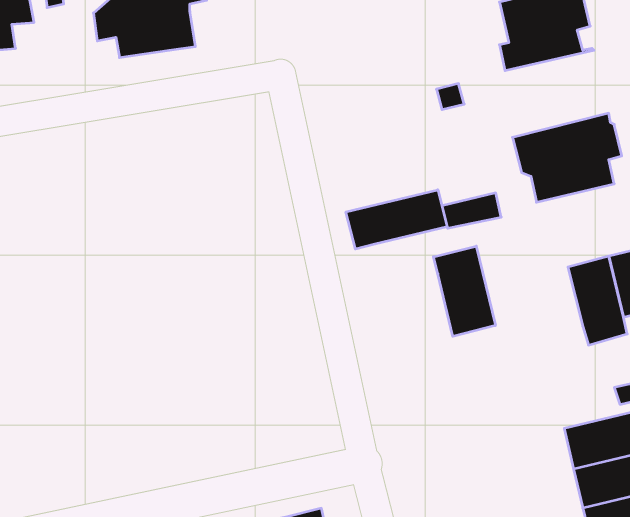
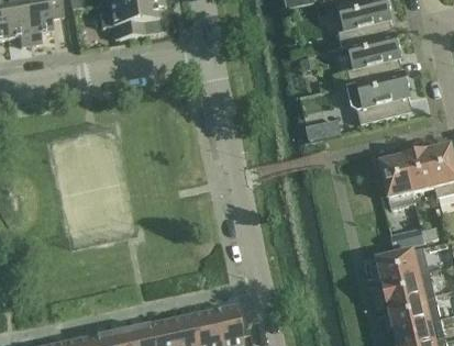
building: none -> [343,33,405,85]
building: [346,190,447,249] -> none
building: [433,246,495,336] -> none

